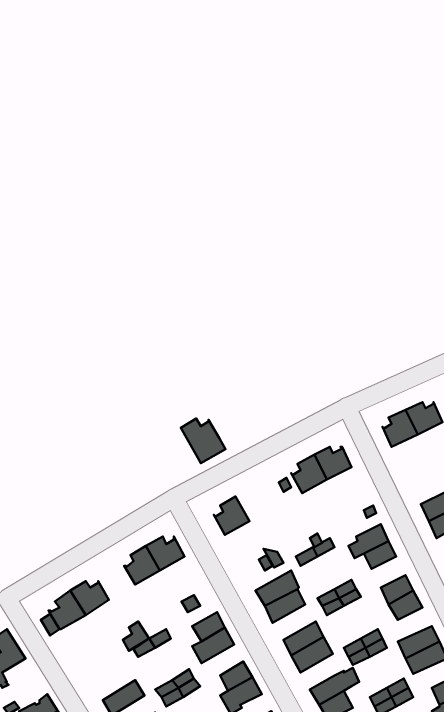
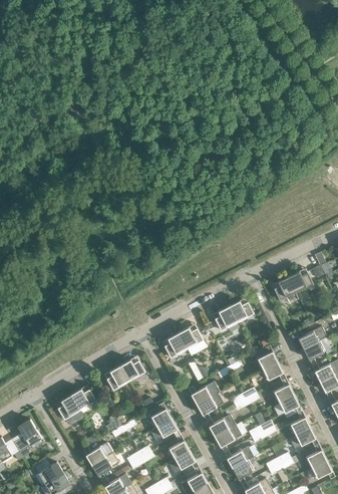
building: [181,418,226,463] -> [178,327,207,356]
building: none -> [82,443,112,466]

